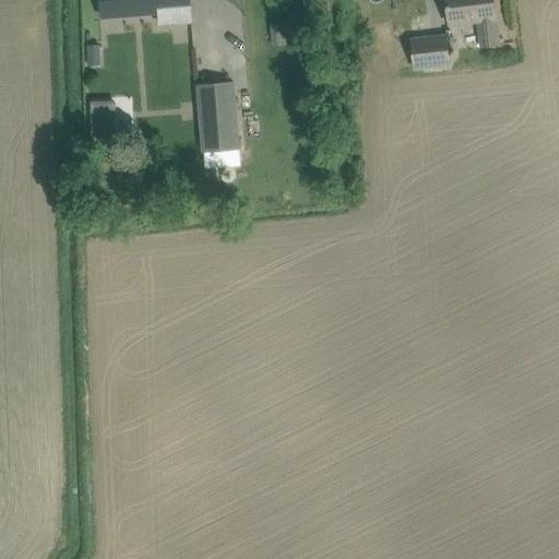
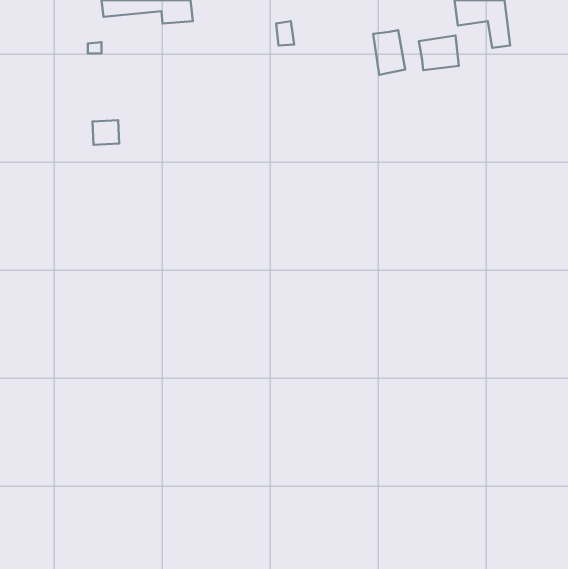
building: none -> [373,30,405,75]
building: [195,82,239,153] -> none

